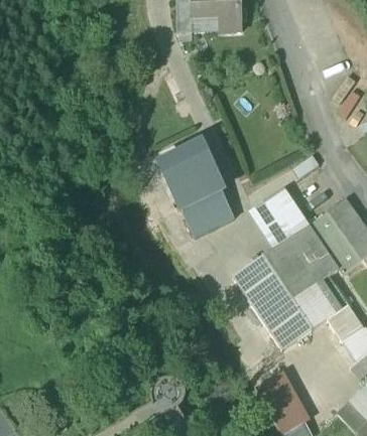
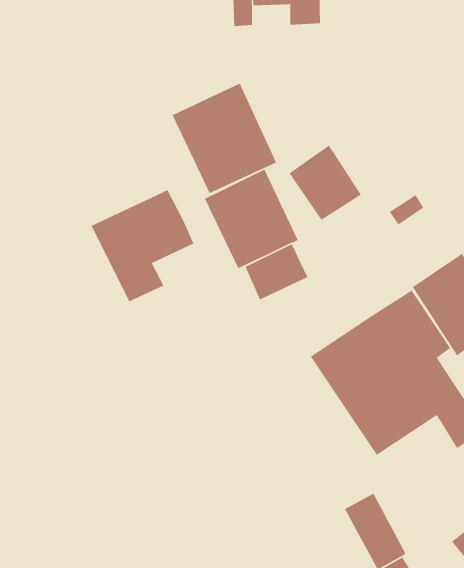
building: none -> [172,82,277,194]
building: none -> [91,189,194,303]
building: [255,188,310,245] -> [288,145,362,221]

